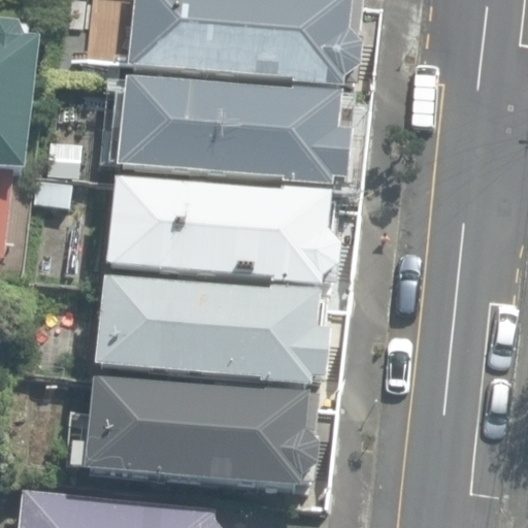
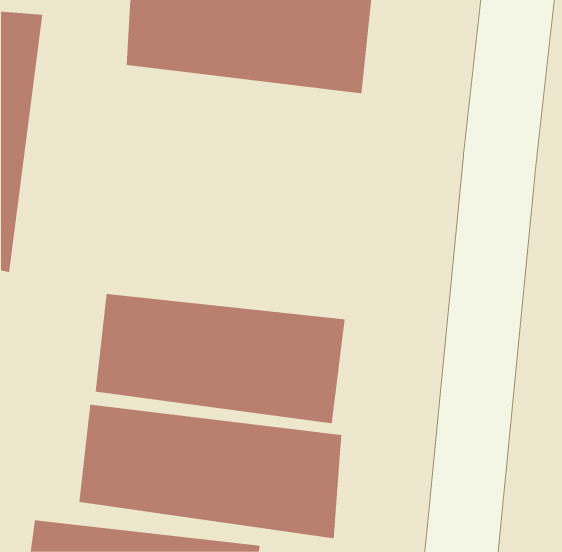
building: [108,70,338,188] -> none
building: [100,170,329,291] -> none

